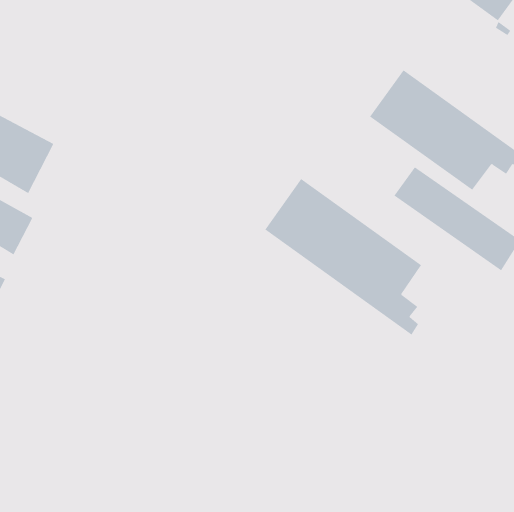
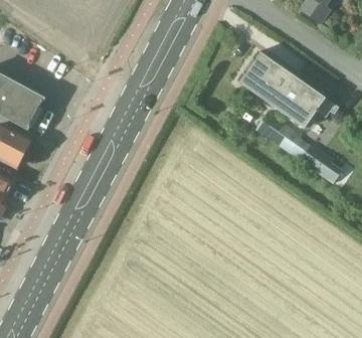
building: [264,178,422,335] -> none

